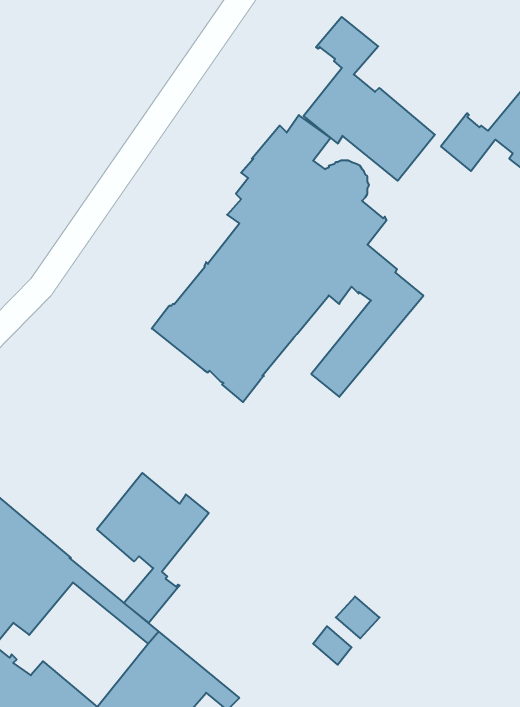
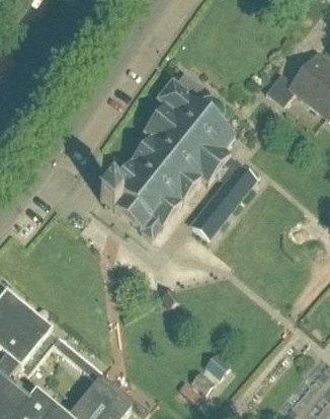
building: [304,17,435,181] -> none
building: [97,473,209,623] -> none

